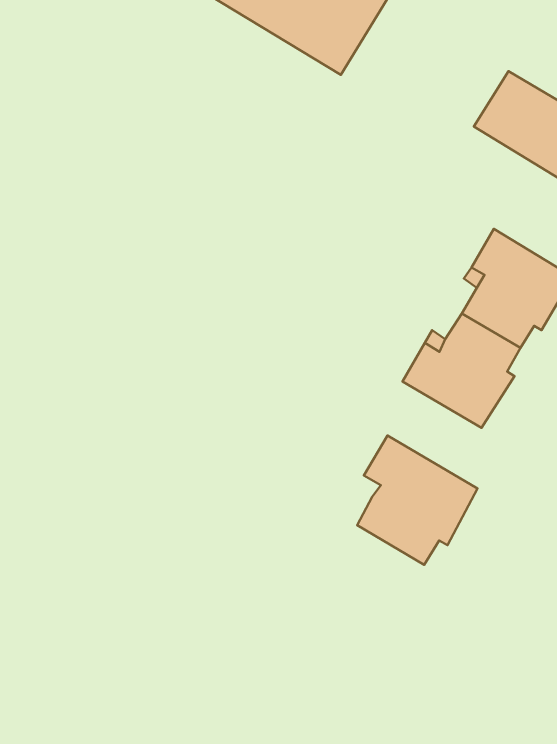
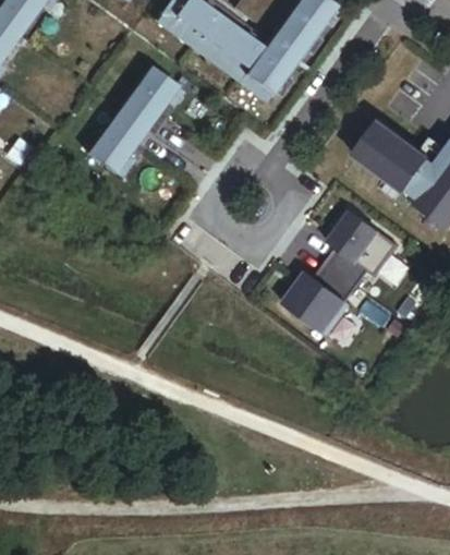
building: none -> [89,68,180,176]
building: [357,435,478,565] -> none

